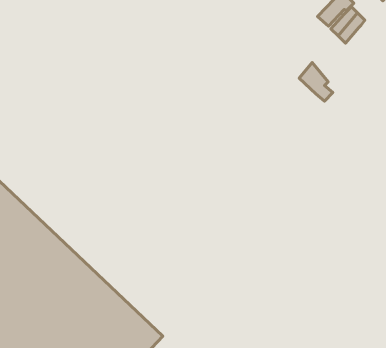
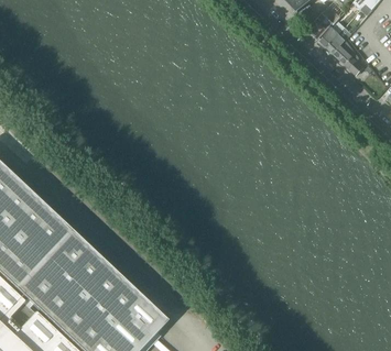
building: [299,62,333,101] -> [333,40,363,75]

